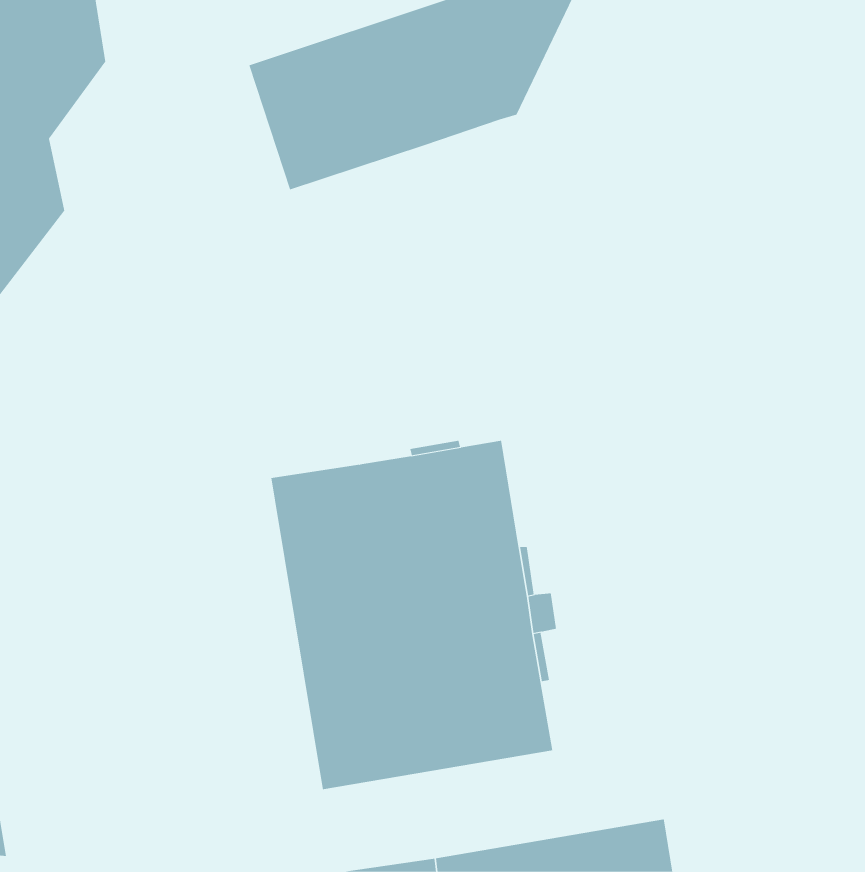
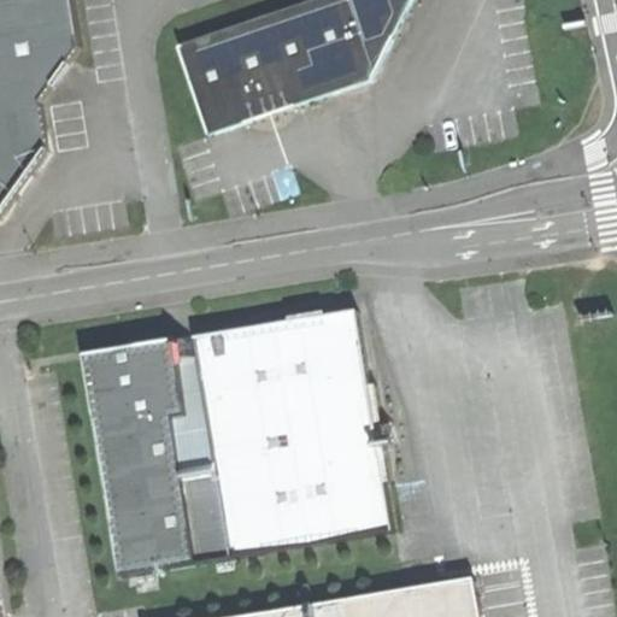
building: none -> [81,334,227,574]

